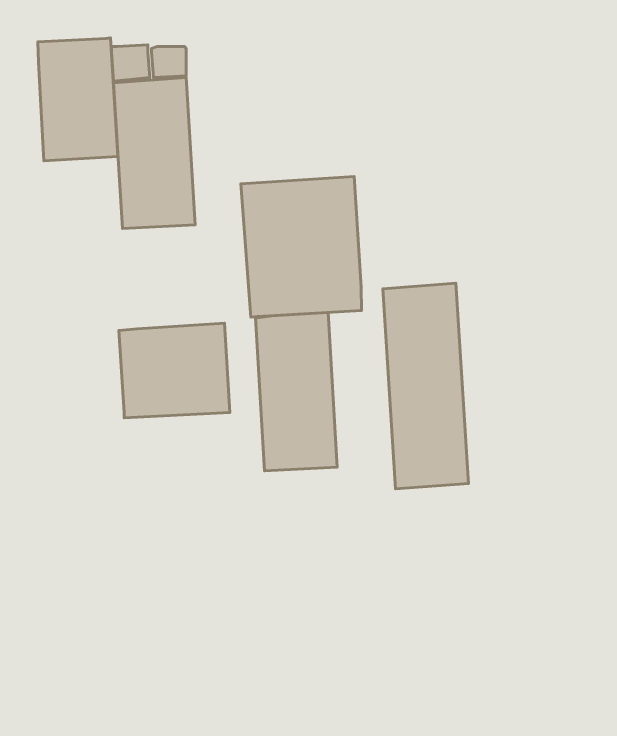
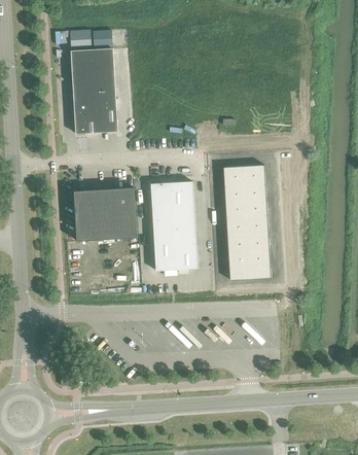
building: [38,38,118,161] -> none
building: [241,177,362,317] -> none

